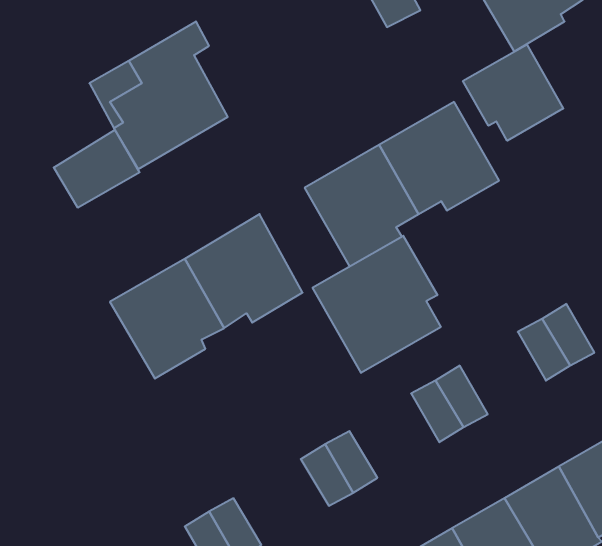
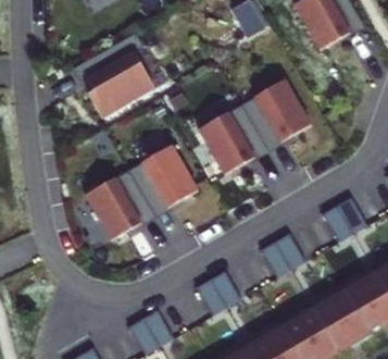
building: [463,44,563,141] -> none
building: [54,130,140,208] -> none
building: [313,236,441,373] -> none

